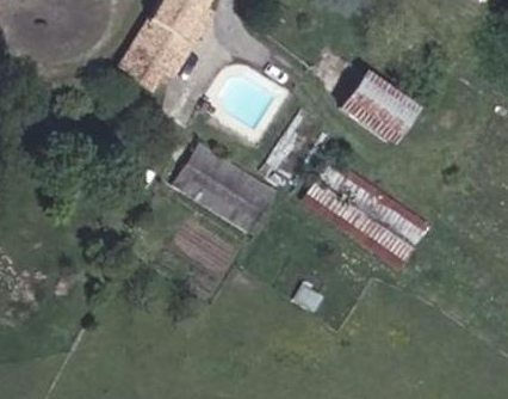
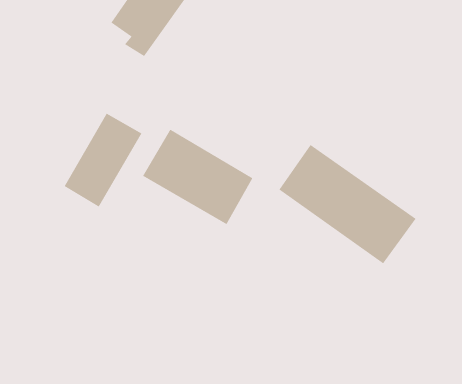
building: [341,70,425,147] -> none
building: none -> [64,113,142,207]

